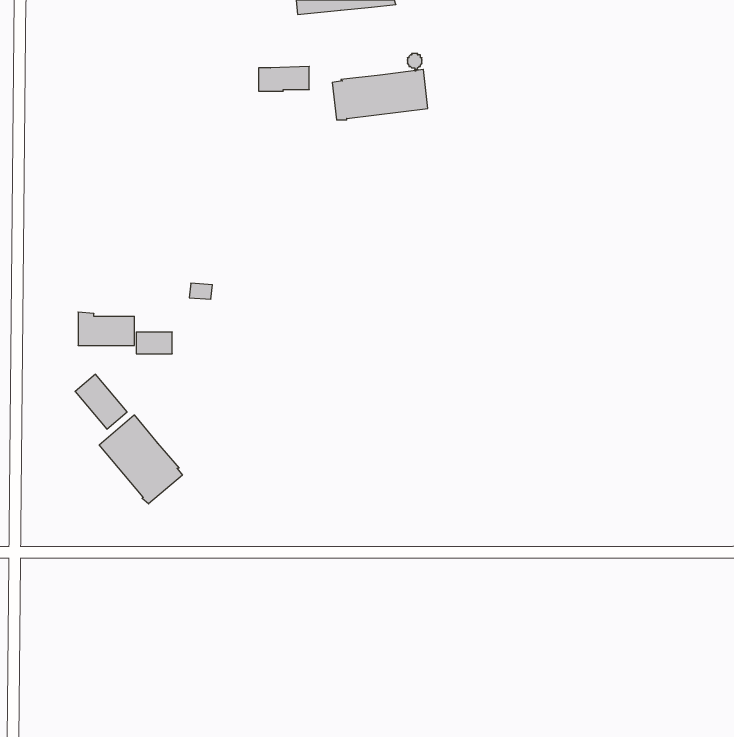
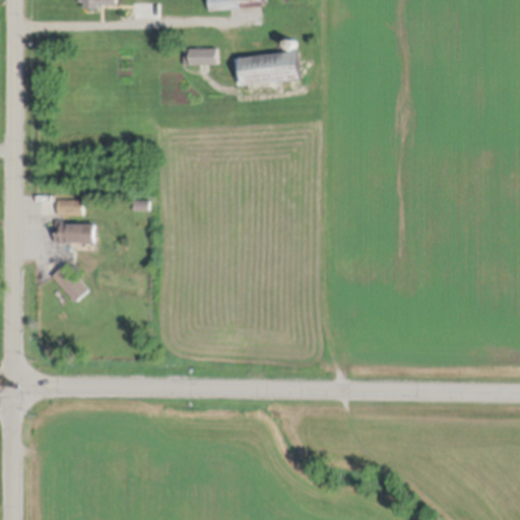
building: [136,332,172,354] -> [58,200,83,215]
building: [99,415,182,504] -> none

